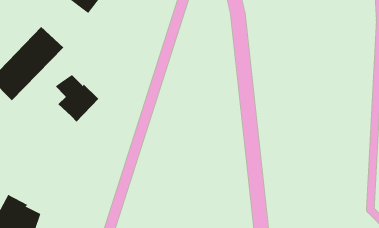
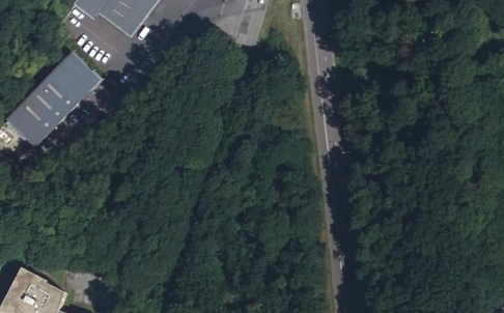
building: [55,74,99,122] -> none

